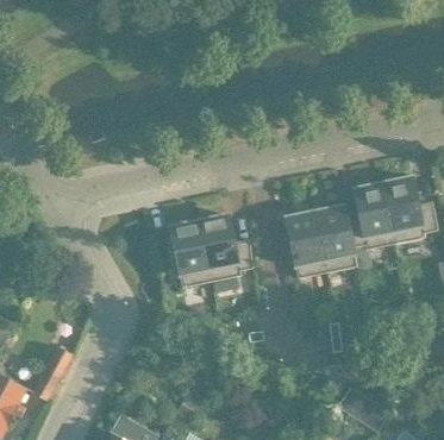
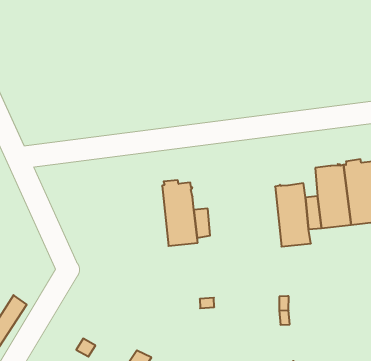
building: [286,207,327,277] -> none
building: [170,219,212,287] -> none

